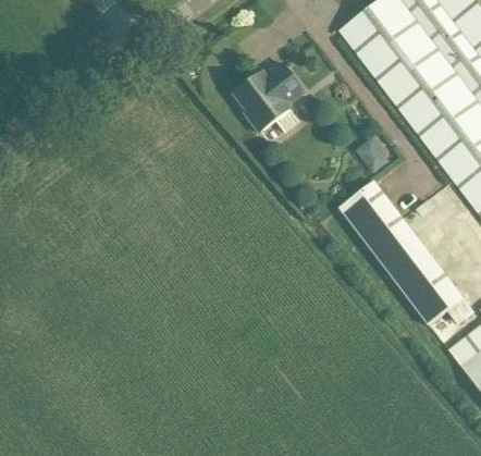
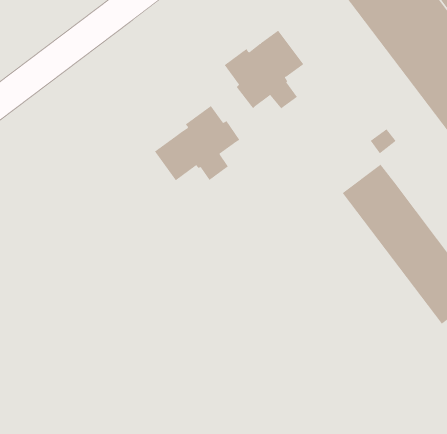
building: none -> [154,105,240,181]

